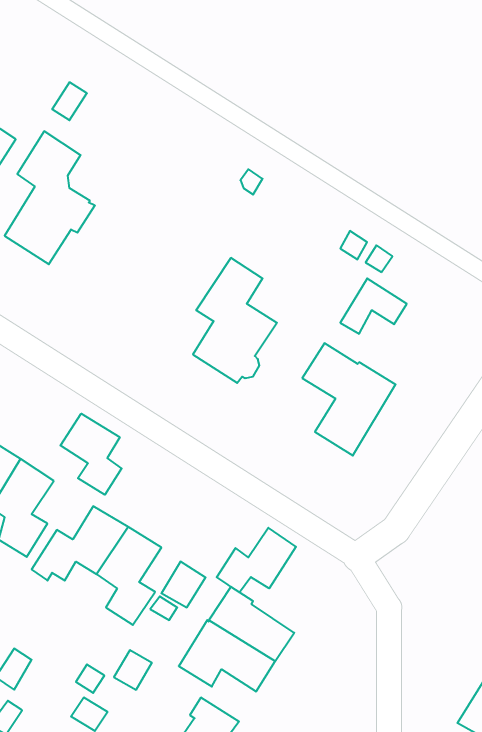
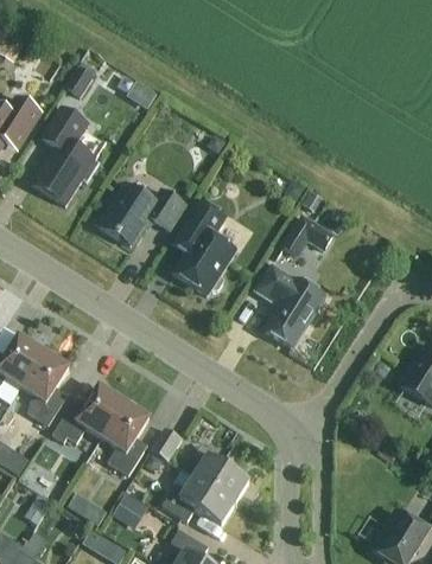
building: none -> [100,184,185,245]
building: [60,414,122,495] -> none
building: [217,528,296,592] -> none

